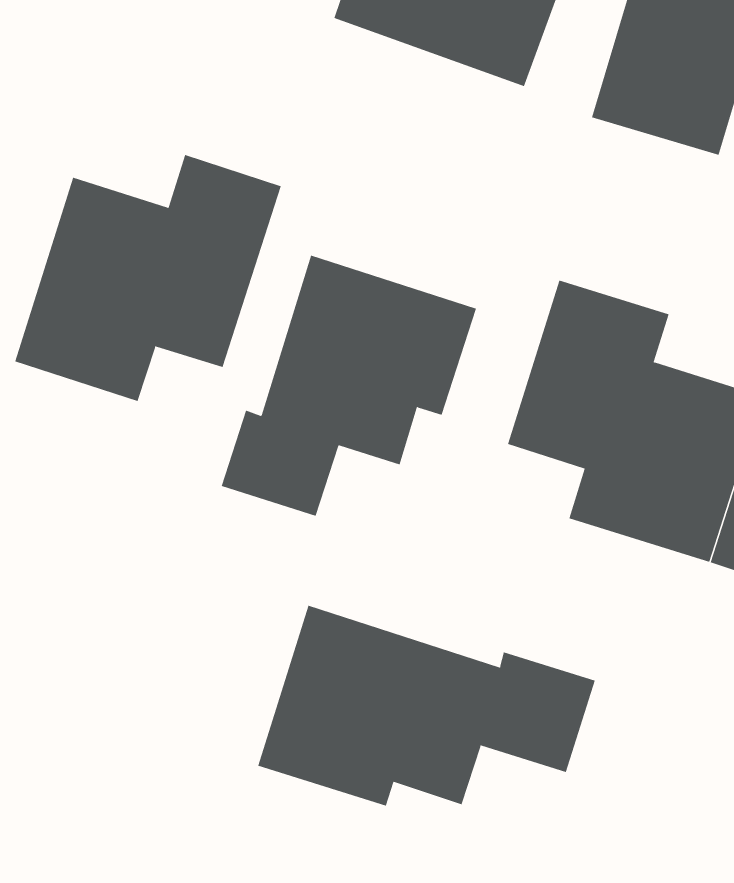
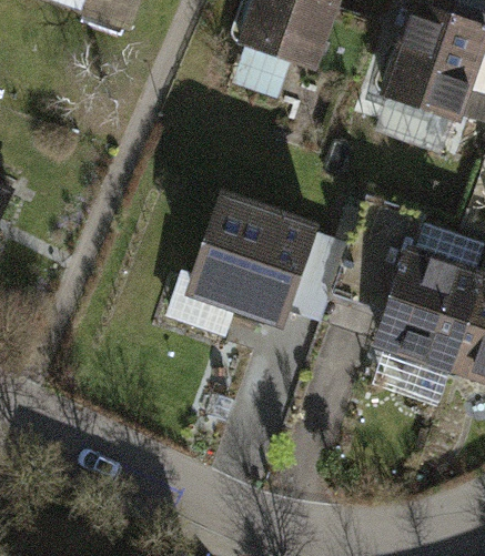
building: [14,154,282,402] -> none
building: [258,605,595,806] -> none

